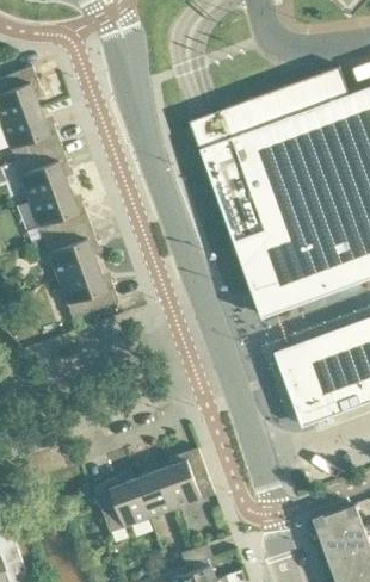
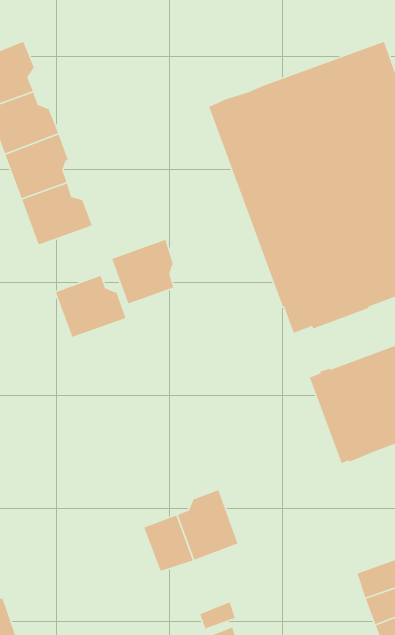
building: [44,224,98,280] -> [111,239,174,305]
building: [93,479,148,533] -> none

